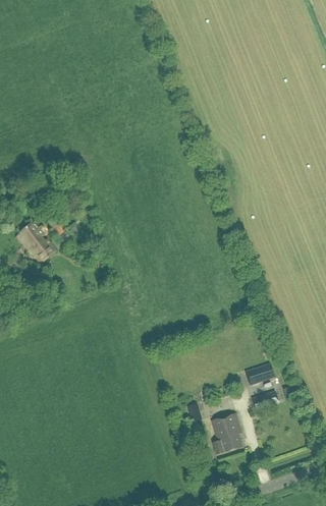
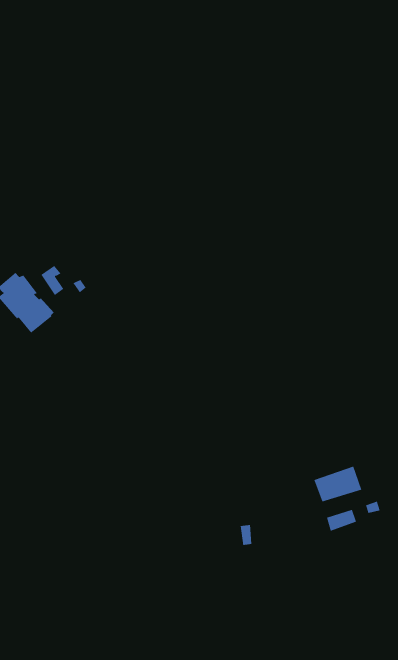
building: [210,410,240,453] -> none

